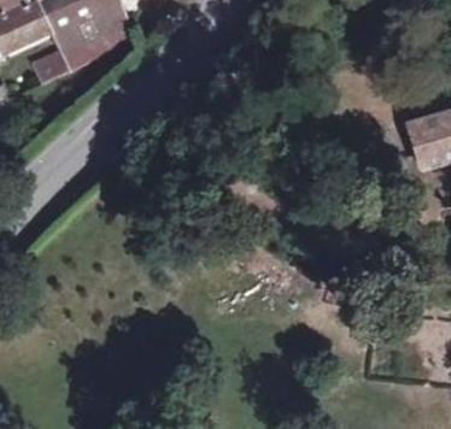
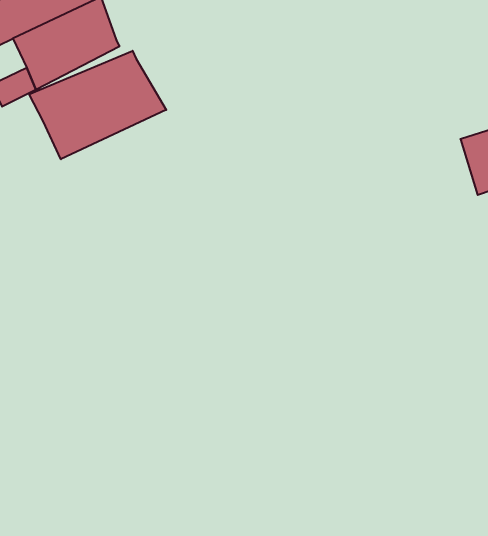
building: none -> [29,51,166,159]

